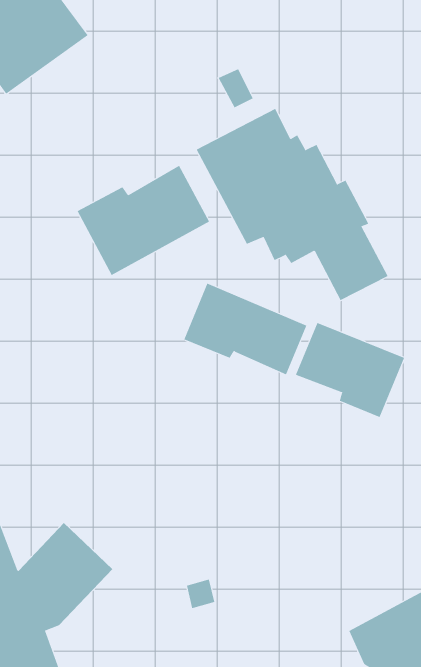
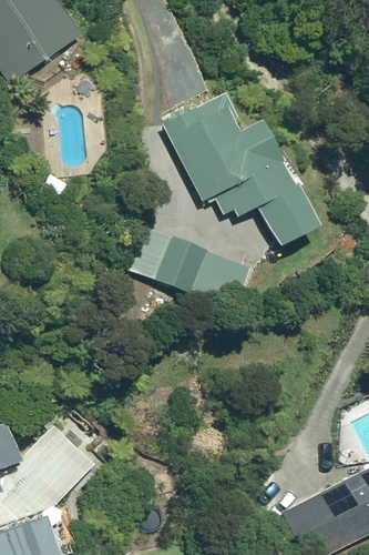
building: [77,165,210,276] -> none
building: [295,322,405,418] -> none

